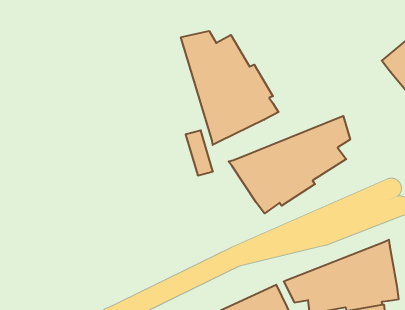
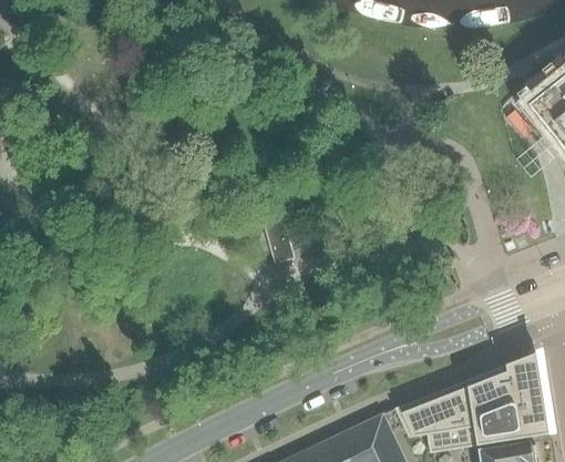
building: [181,31,279,145] -> none
building: [229,116,350,213] -> none

